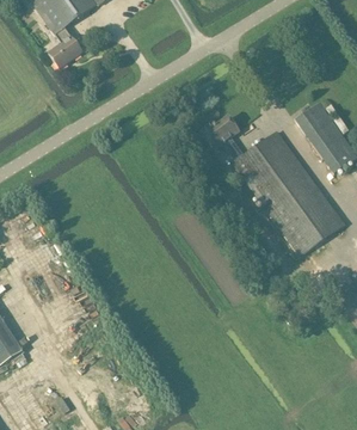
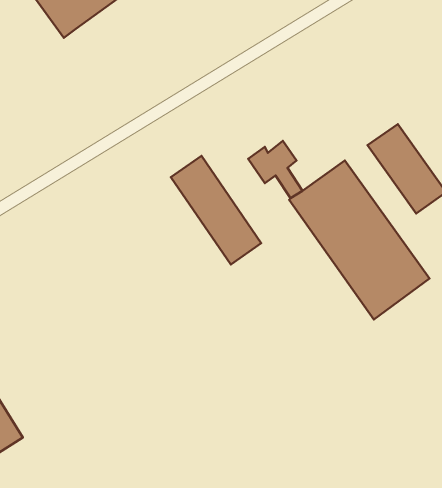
building: [49,26,84,67] -> none
building: none -> [171,156,261,264]

